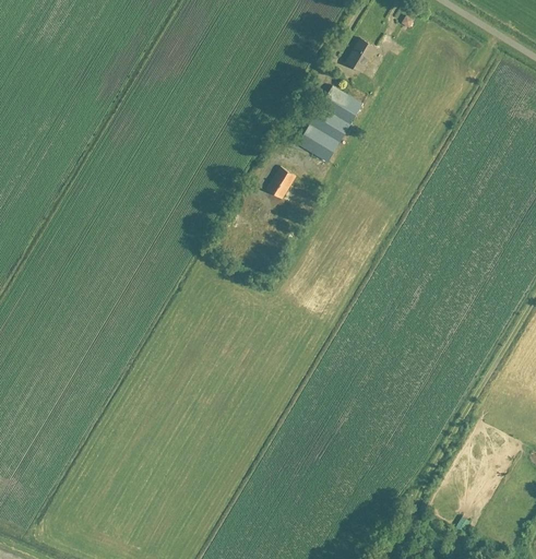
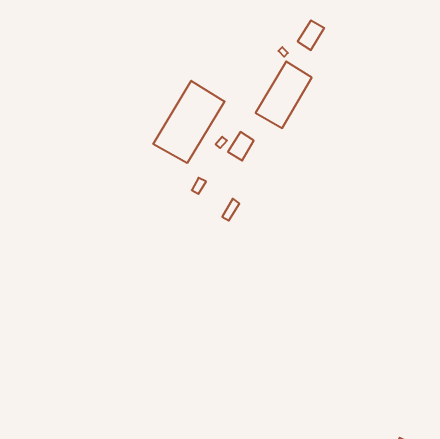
building: none -> [153,81,225,163]

